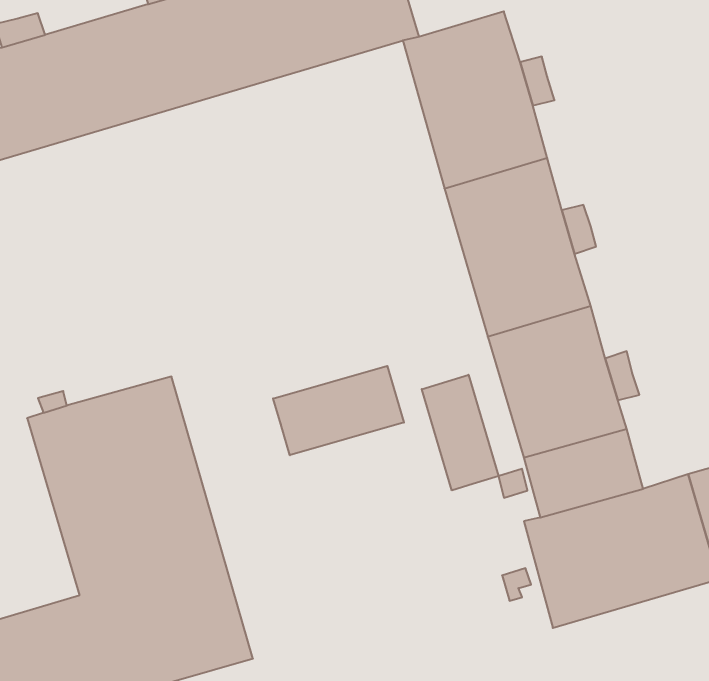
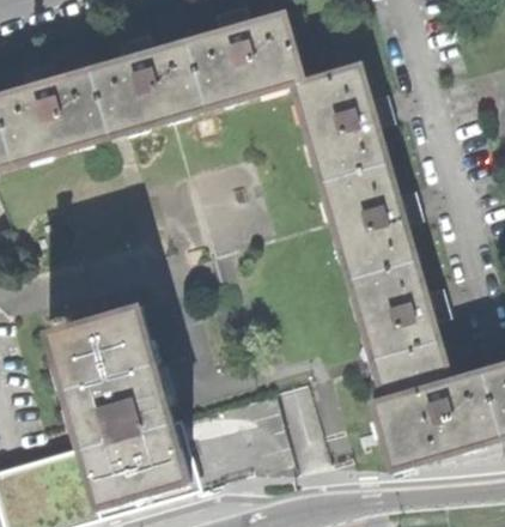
building: [273,366,404,455] -> none
building: [422,375,499,490] -> none

